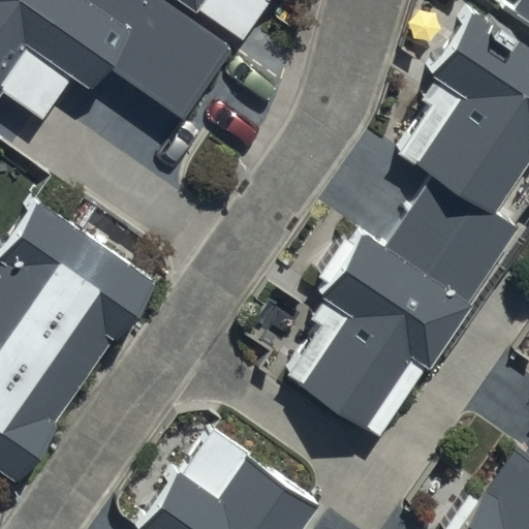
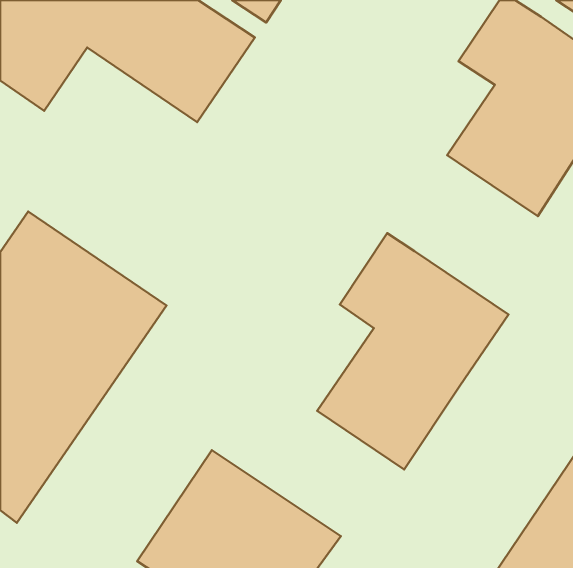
building: [383,164,520,297] -> none

